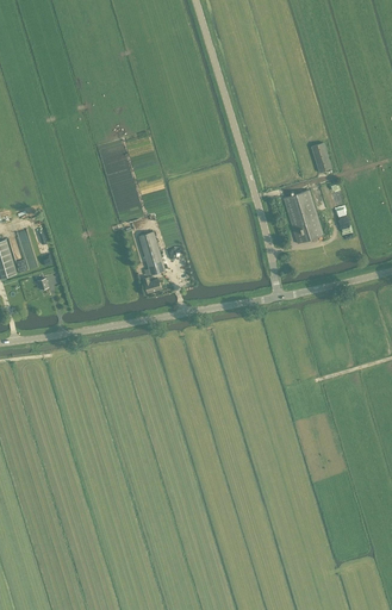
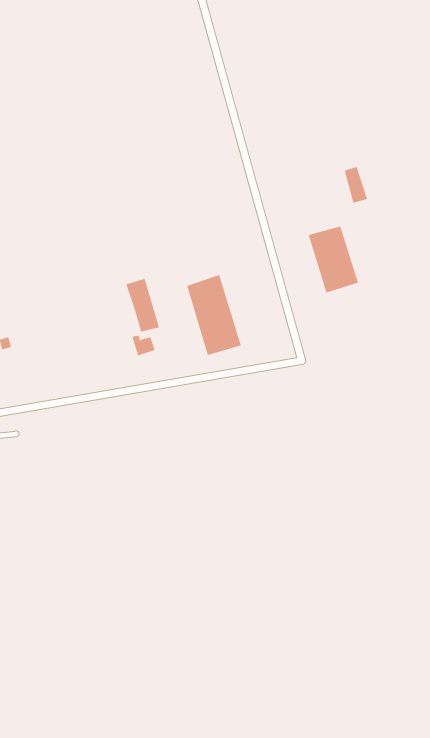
building: none -> [186,274,241,356]

